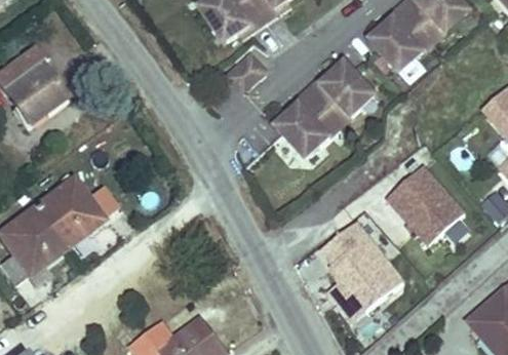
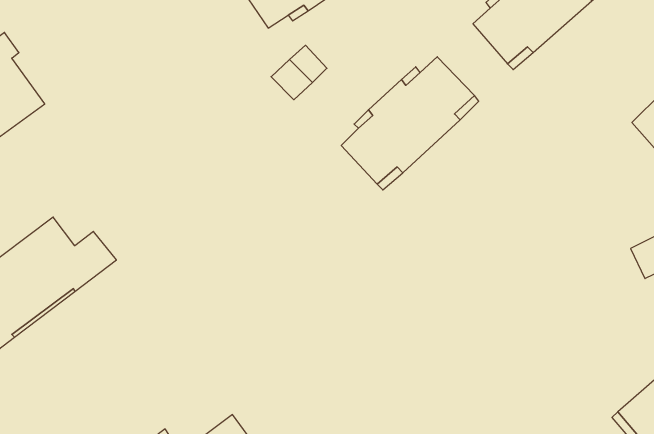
building: [386,163,463,242] -> none
building: [317,224,399,323] -> none

